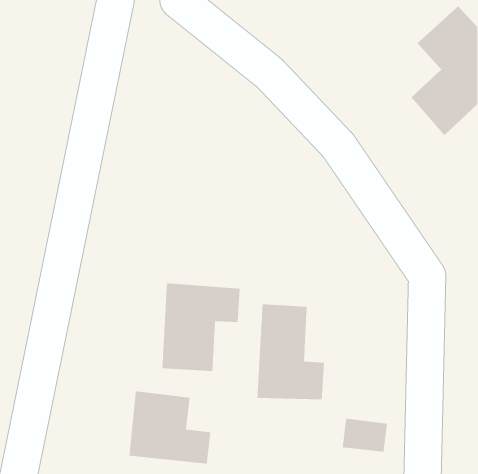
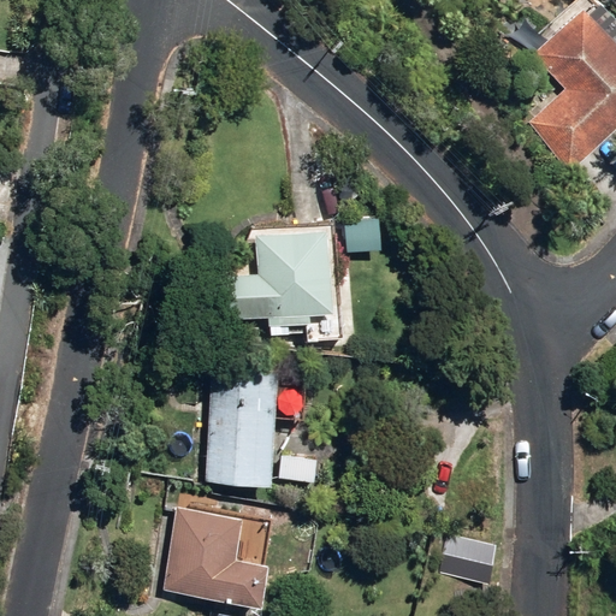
building: none -> [224,224,336,336]
building: [257,304,325,400] -> none

